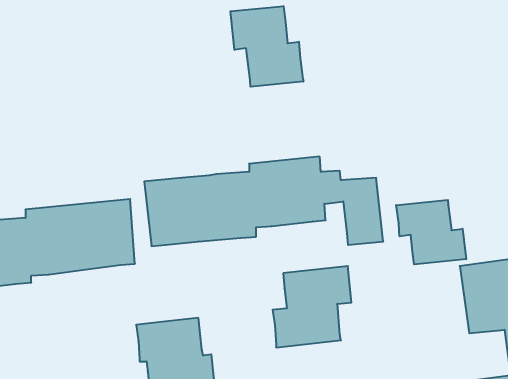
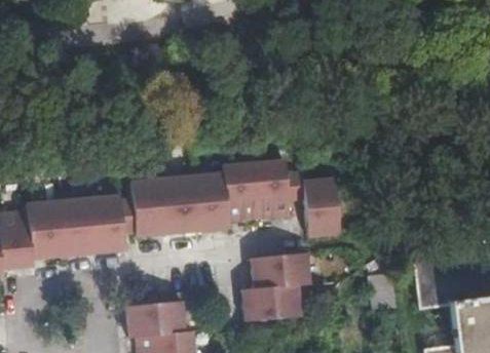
building: [230,6,303,87] -> none
building: [396,200,466,264] -> none

